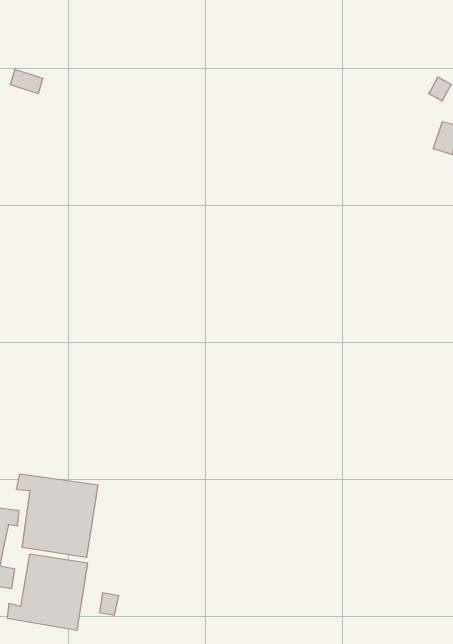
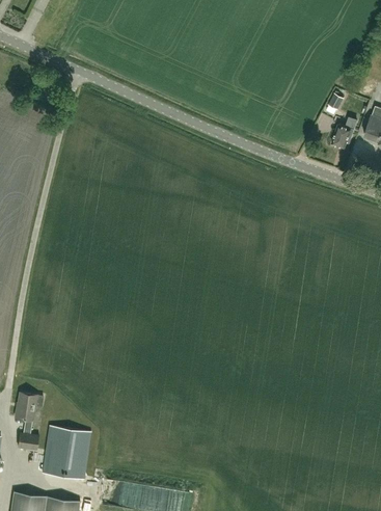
building: [17,474,98,558] -> none

